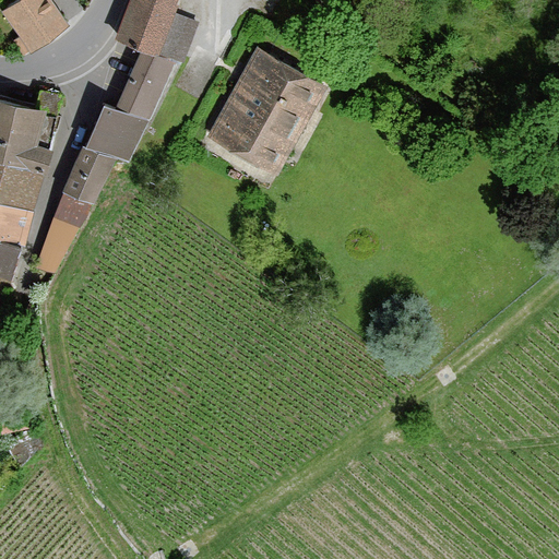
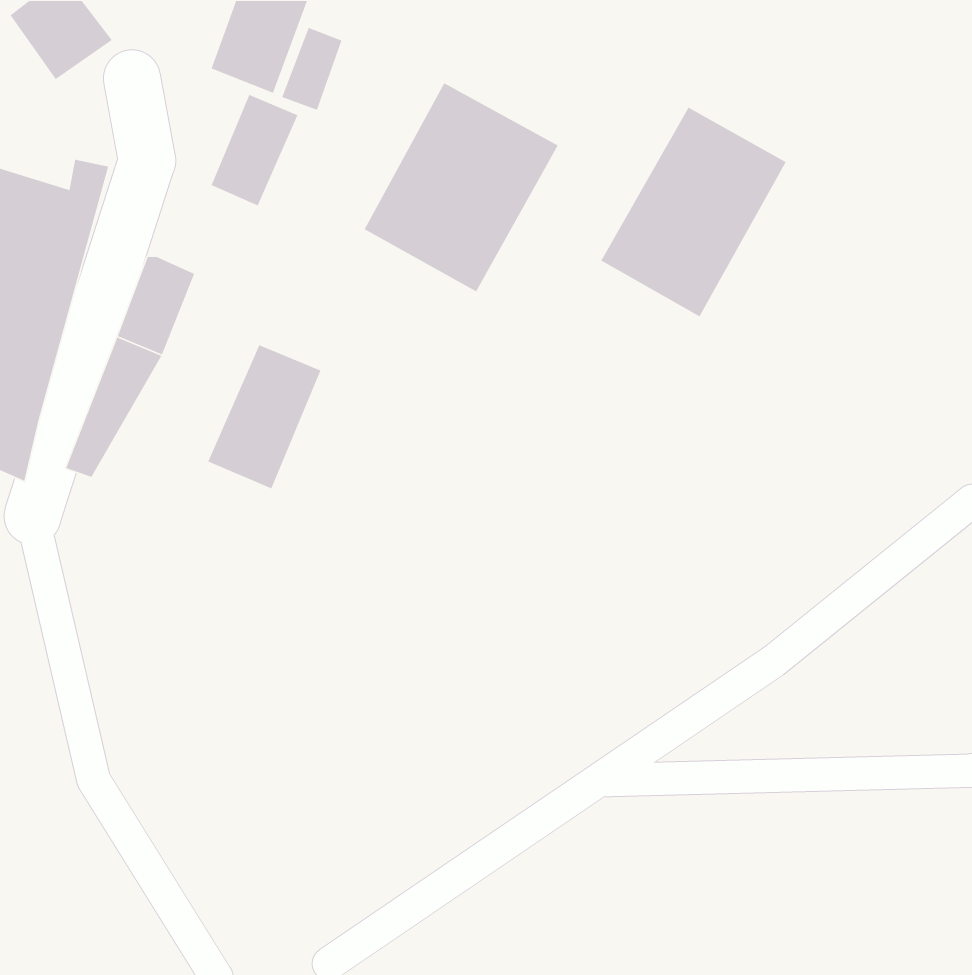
building: none -> [600,107,787,318]
building: [90,108,146,165] -> none
building: none -> [207,344,322,489]

